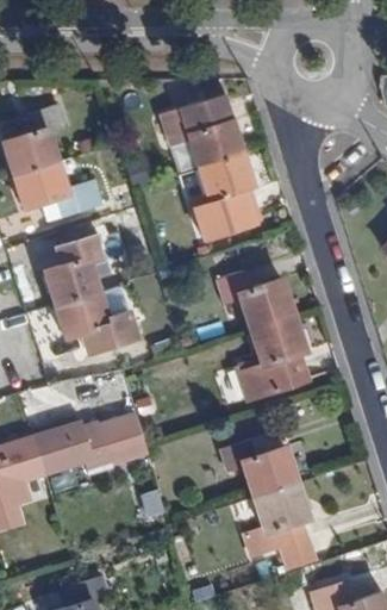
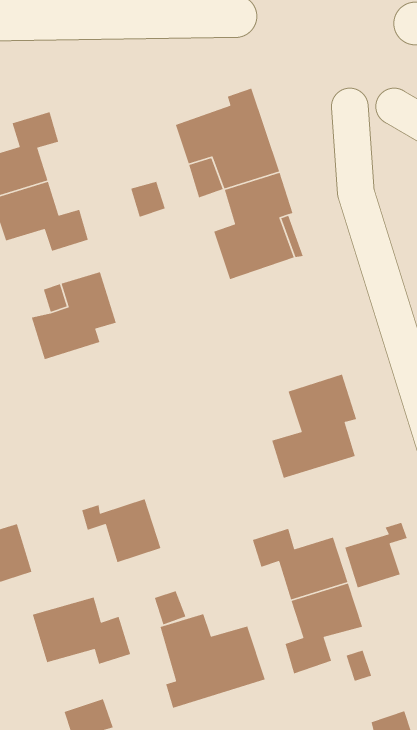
building: [216,269,294,329] -> none
building: [55,287,131,344] -> none
building: [33,421,113,475] -> [32,597,131,665]
building: none -> [344,522,408,588]
building: none -> [160,613,266,709]

